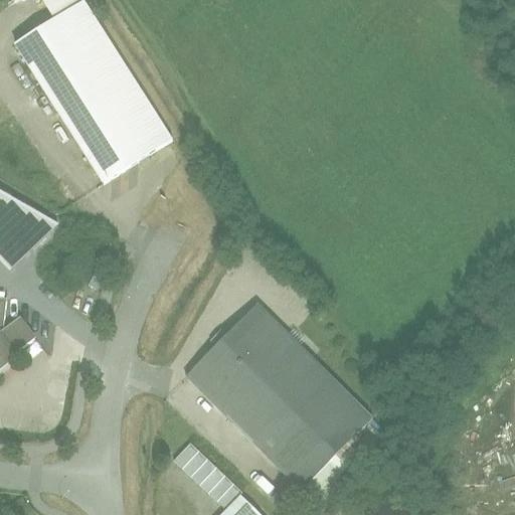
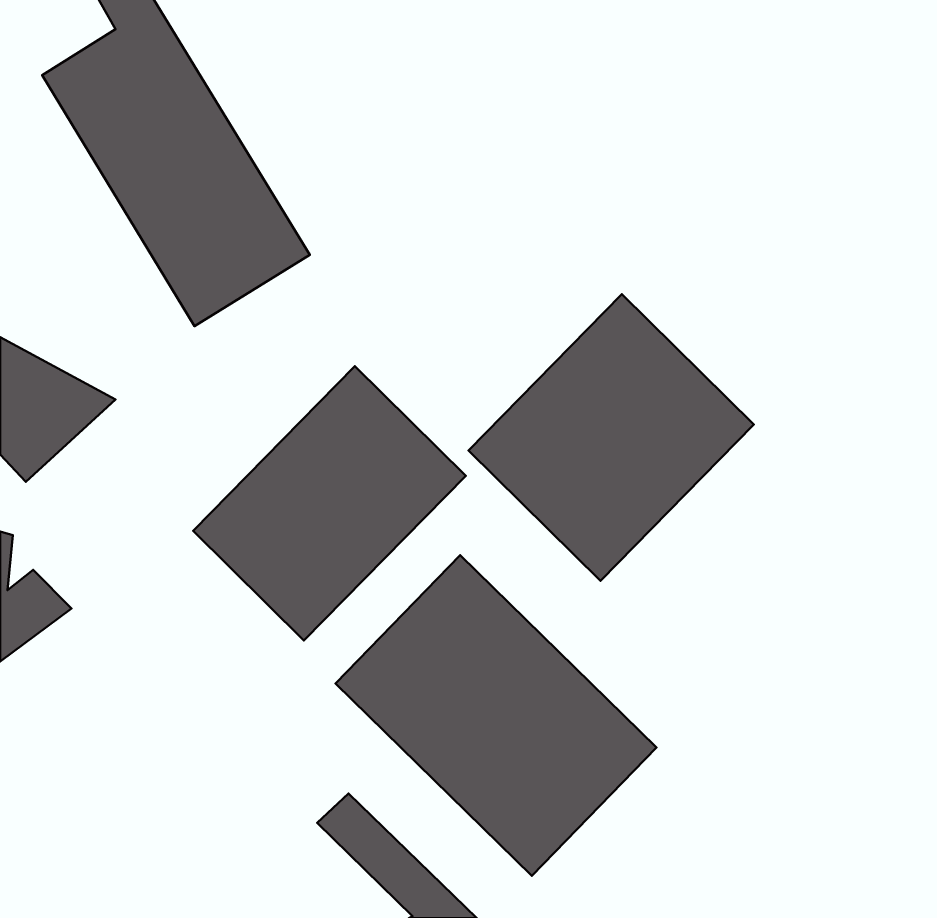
building: none -> [469,294,754,581]
building: none -> [193,366,466,641]

